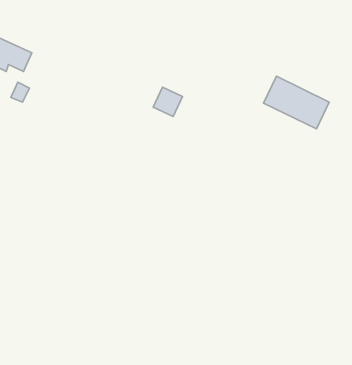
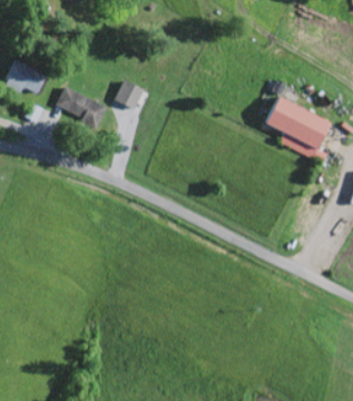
building: none -> [58,87,107,128]
building: [153,87,182,116] -> [116,80,144,108]

